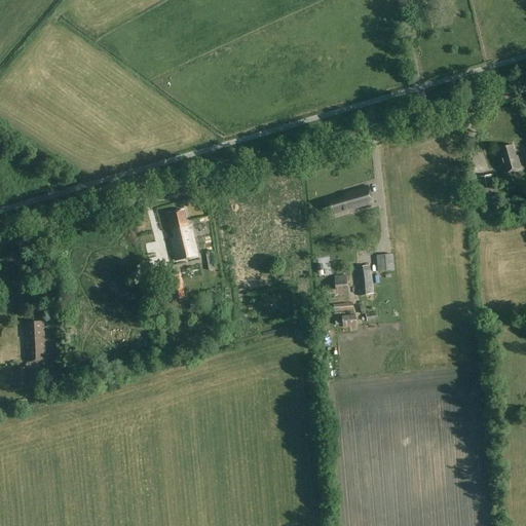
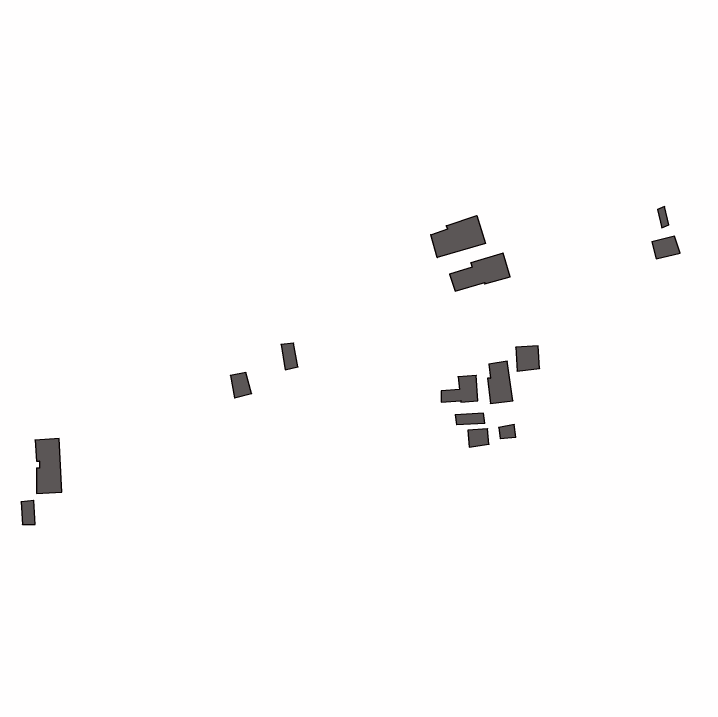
building: [498,143,521,173] -> none
building: none -> [431,216,485,258]
building: [168,209,197,260] -> none

